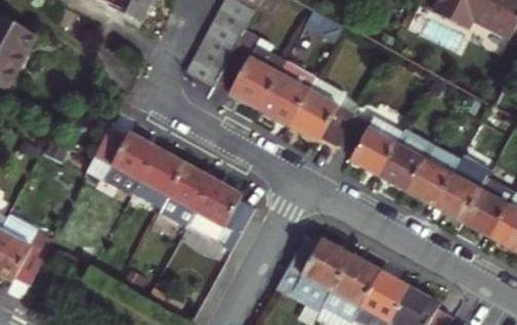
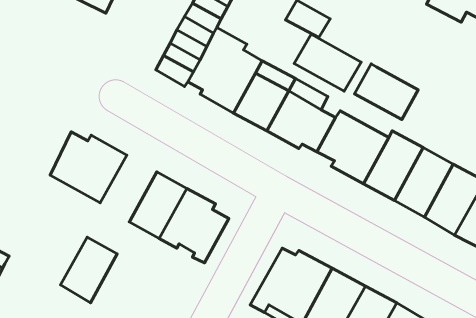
building: none -> [294,34,361,91]
building: none -> [355,64,418,119]
building: [136,149,188,210] -> [61,237,117,303]

